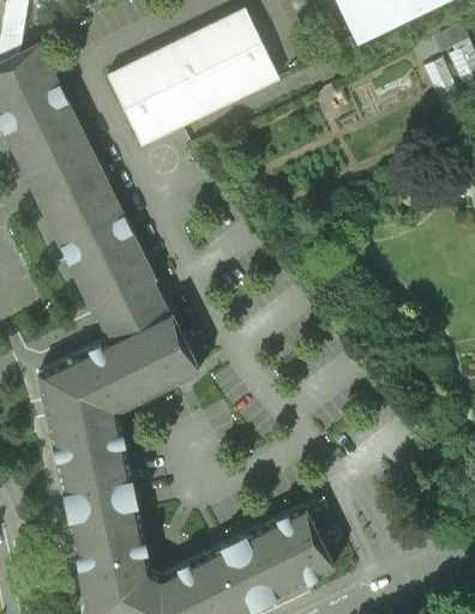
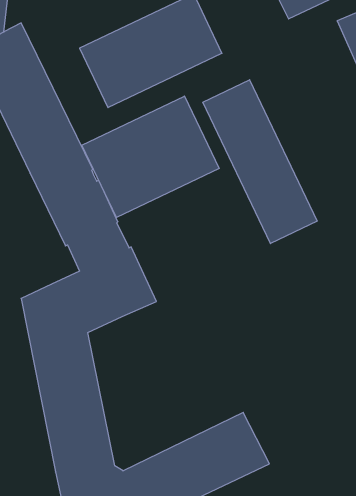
building: none -> [203,80,317,244]
building: none -> [82,96,219,217]

